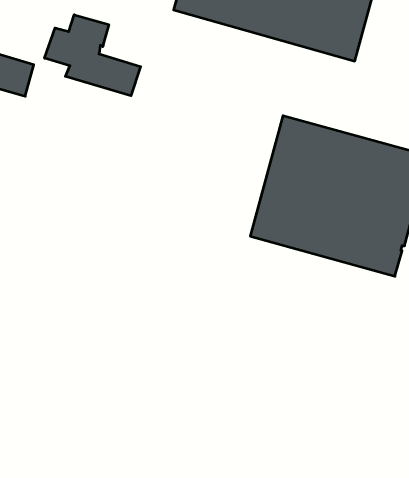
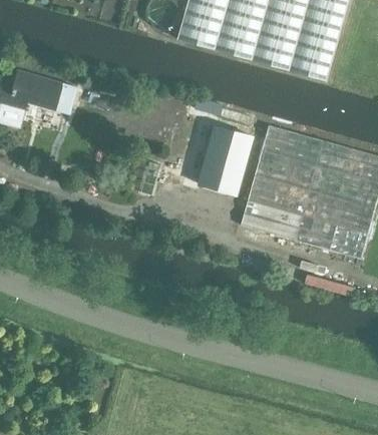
building: [45,15,141,96] -> none
building: none -> [198,125,253,195]

